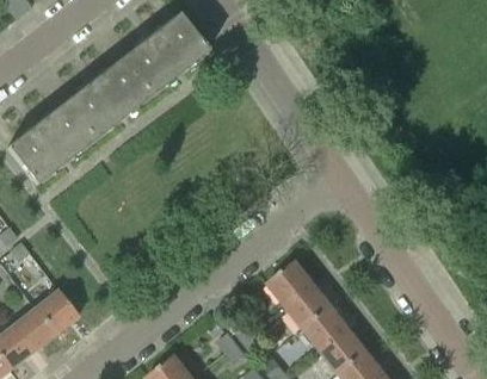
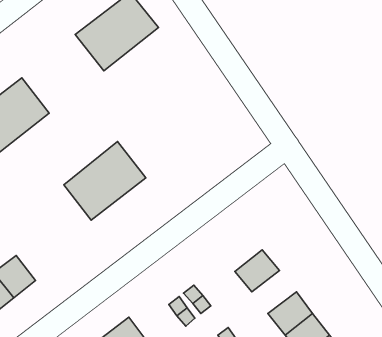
building: [63,60,149,142] -> [64,141,146,220]
building: [267,261,315,307] -> none
building: [304,306,351,352] -> none

